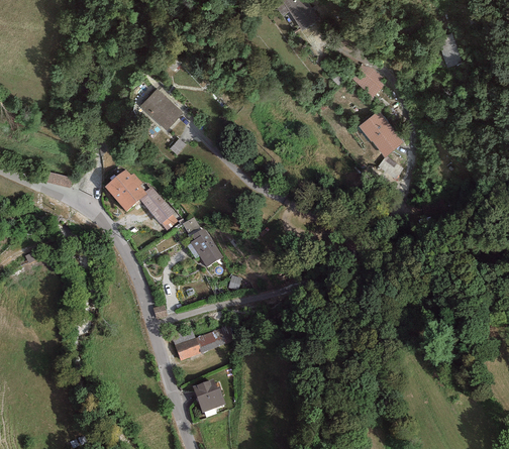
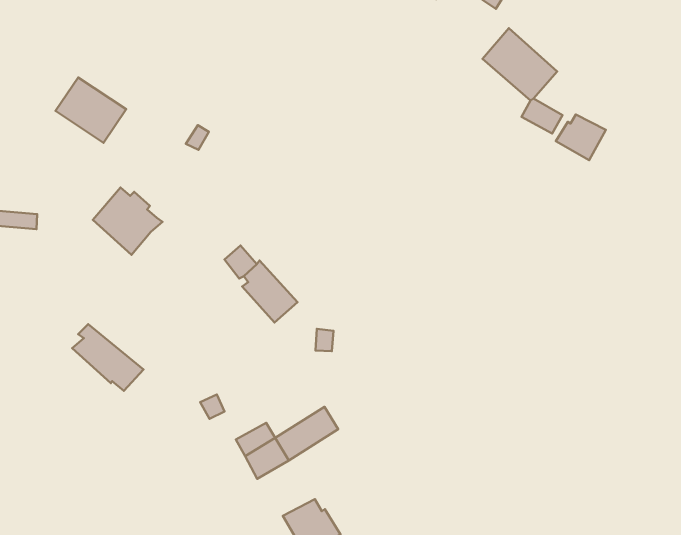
building: [139,88,183,130] -> [56,77,126,143]
building: none -> [556,114,606,160]
building: [139,186,181,230] -> [72,324,143,391]

